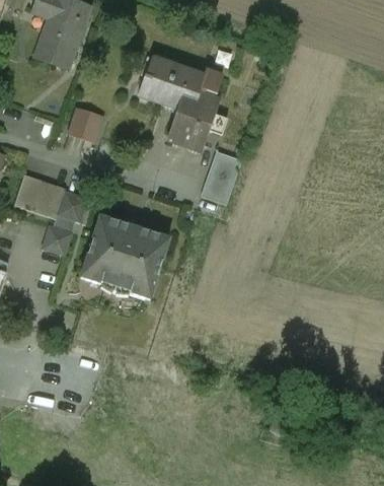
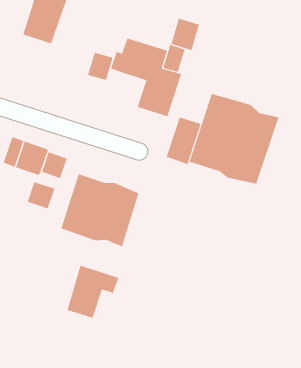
building: none -> [171,18,200,51]
building: [70,107,100,139] -> [87,52,114,80]
building: none -> [189,93,279,184]
building: none -> [67,265,119,319]

